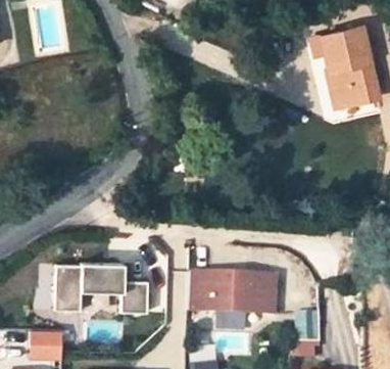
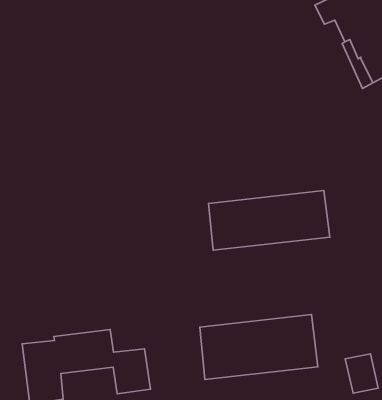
building: none -> [208,191,330,250]

